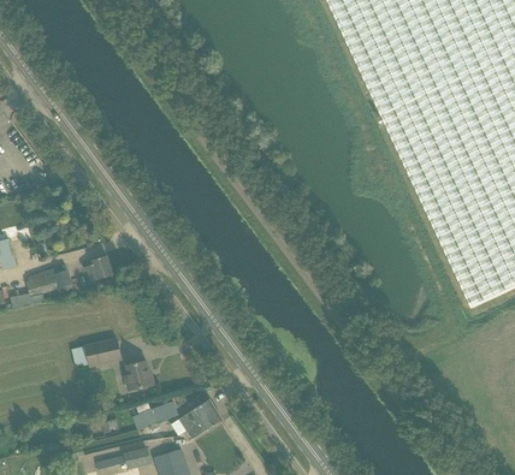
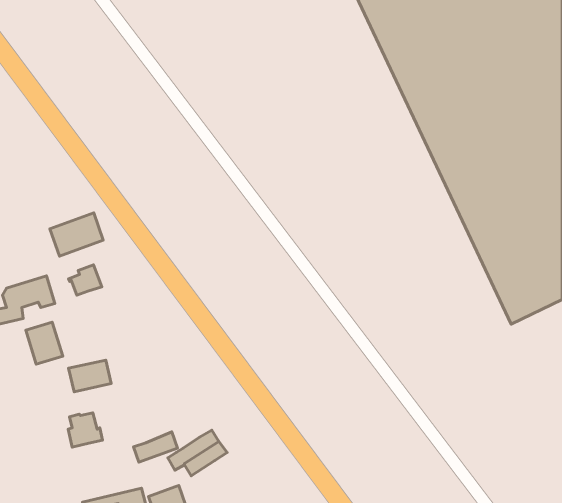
building: none -> [50,213,103,256]
building: none -> [26,322,63,364]
building: [124,361,154,391] -> [68,413,103,447]

